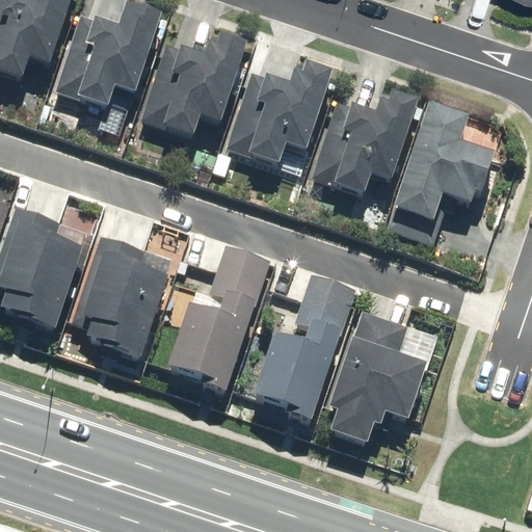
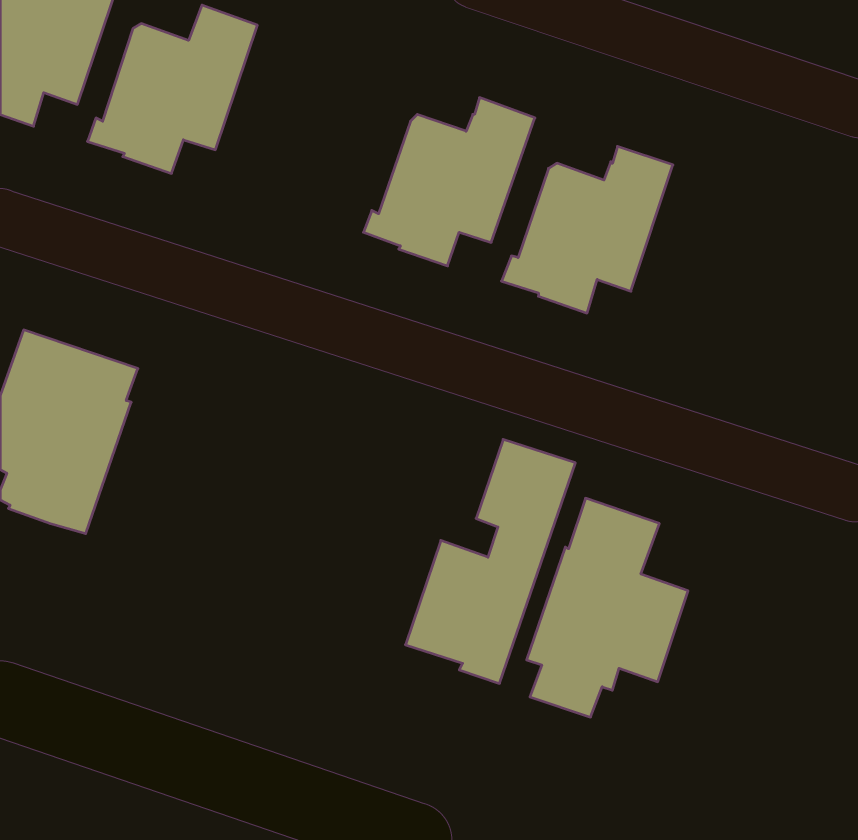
building: [141,33,246,136] -> none
building: [388,106,494,241] -> none
building: [77,233,171,358] -> none
building: [166,243,271,392] -> none

